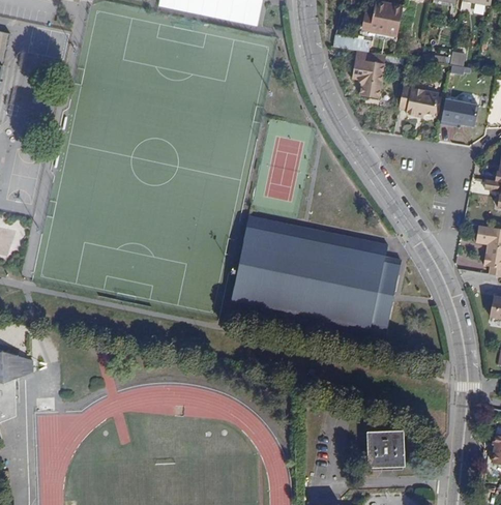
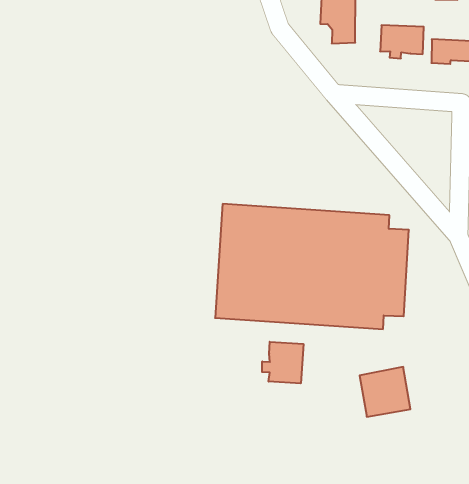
building: none -> [262,342,303,383]
building: [366,429,405,467] -> [360,367,410,417]

